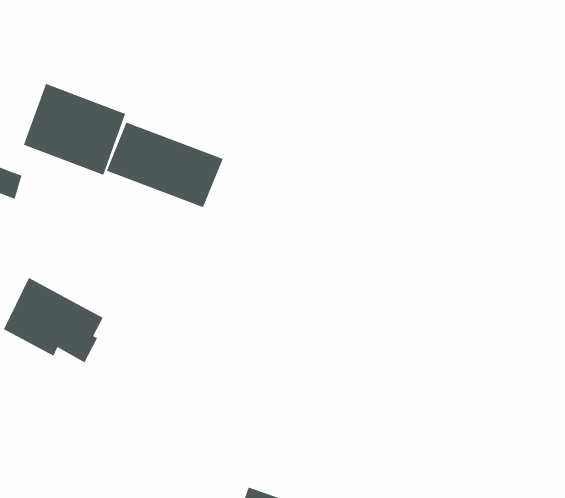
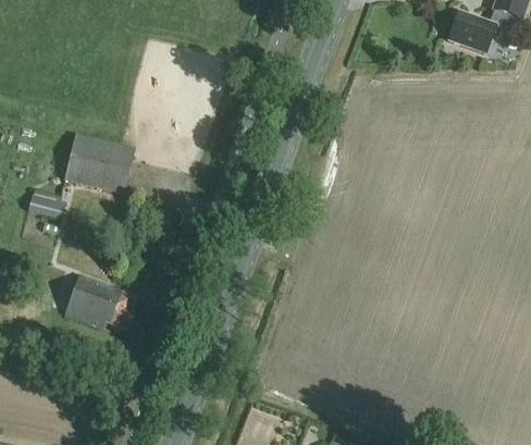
building: [106,122,224,208] -> none

